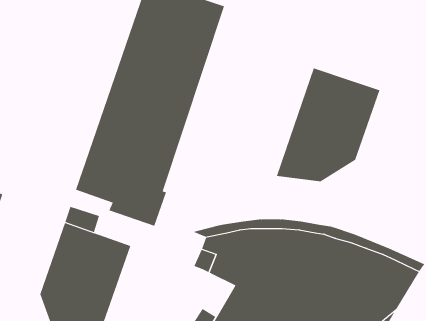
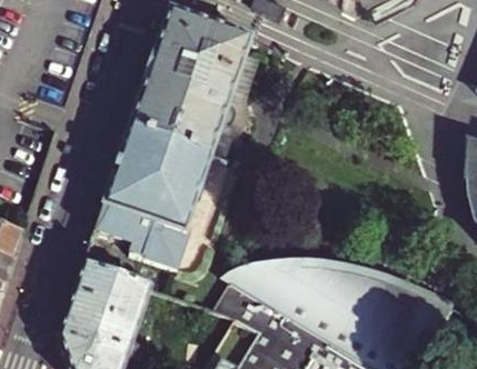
building: [276,67,380,182] -> none

